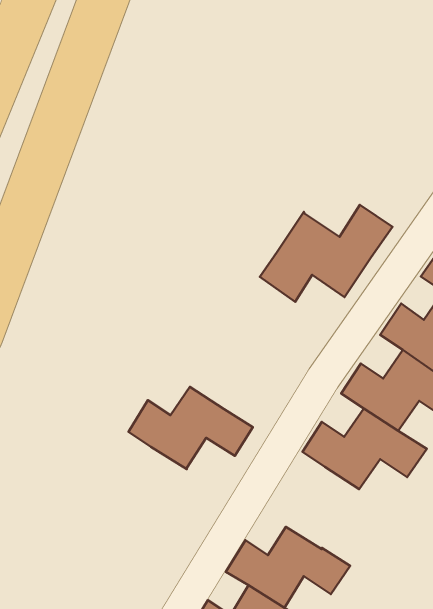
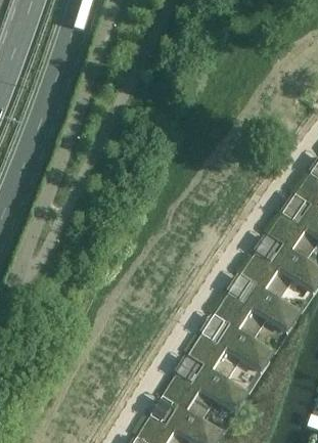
building: [260,205,392,302] -> none
building: [128,387,253,469] -> [187,324,272,381]

